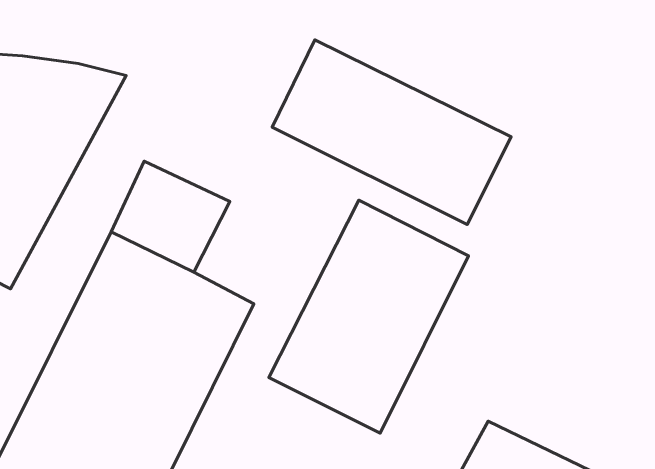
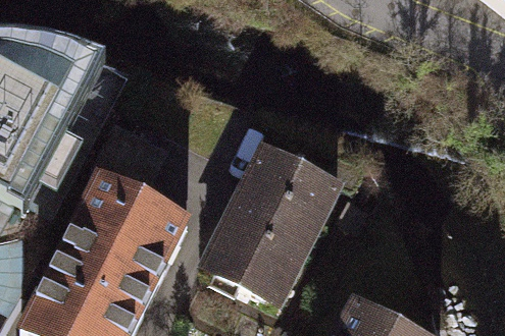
building: [272,40,511,225] -> none

